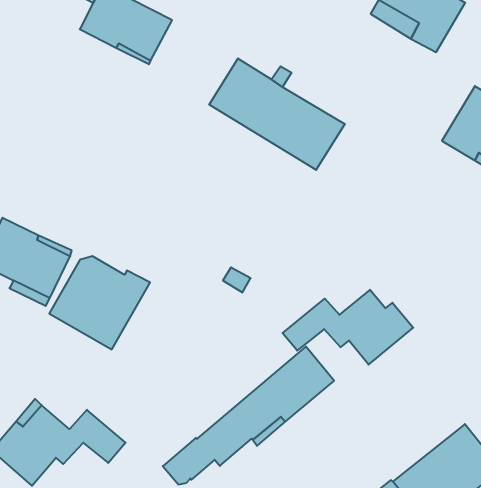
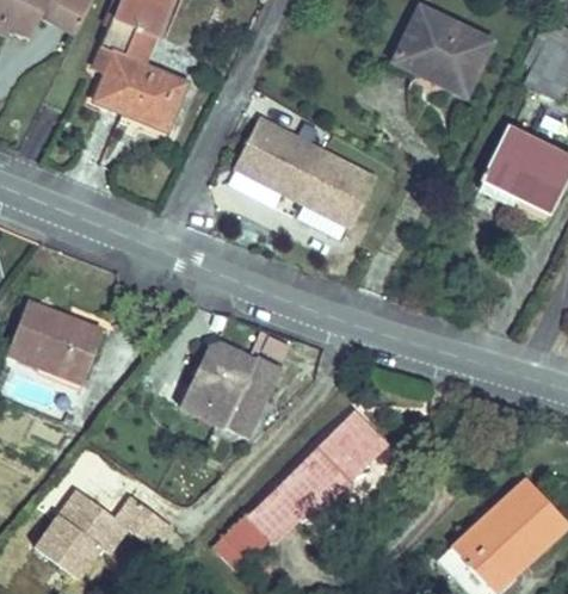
building: [49,256,150,349] -> [180,341,283,437]
building: [283,290,413,365] -> none

